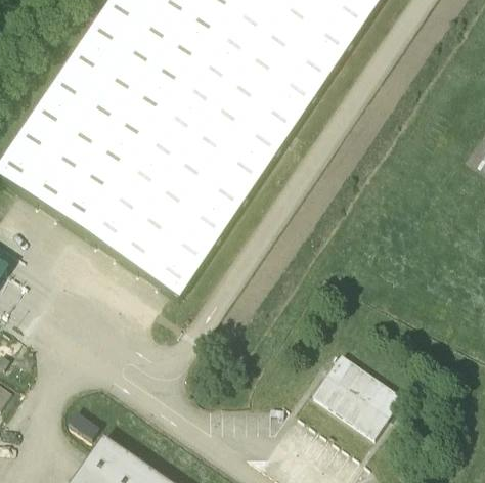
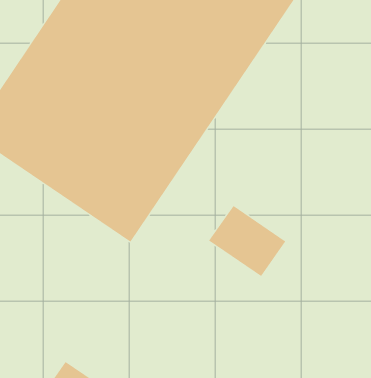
building: [312,351,402,434] -> [208,205,286,277]

